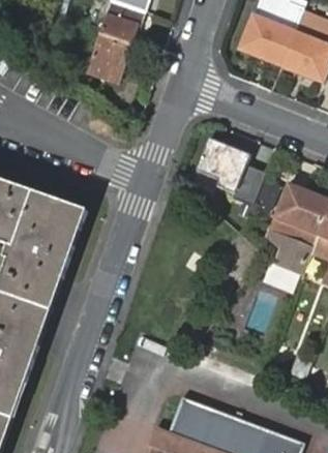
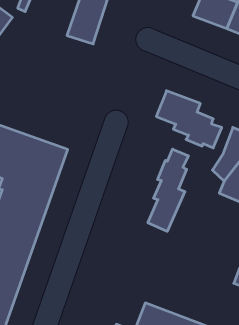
building: none -> [148,149,188,231]

